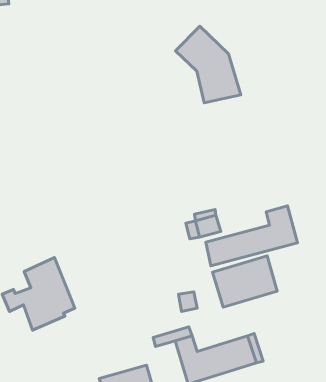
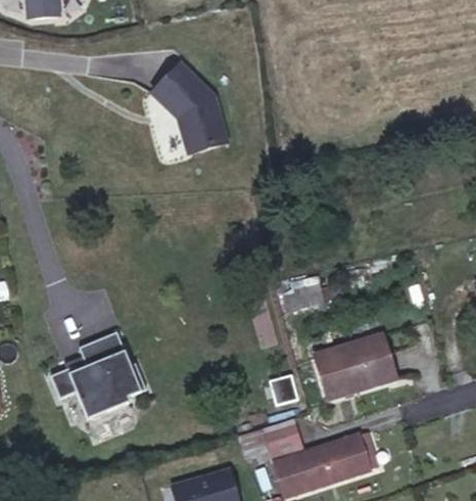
building: [175,26,241,103] -> [150,64,232,161]
building: [206,206,298,266] -> none

